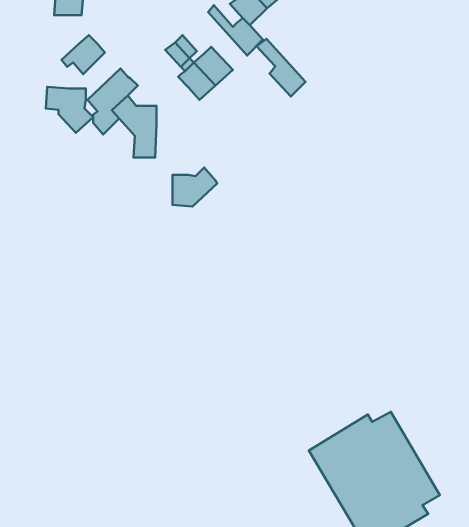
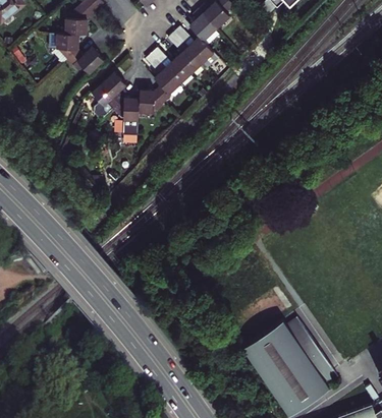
building: [256,39,305,96] -> [167,35,202,75]
building: [46,87,93,133] -> [49,36,83,68]
building: [172,168,217,206] -> [138,87,169,115]

